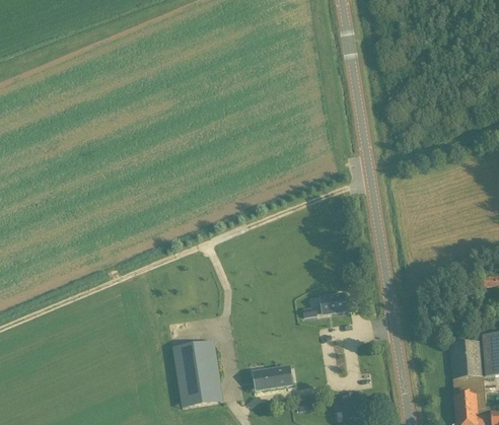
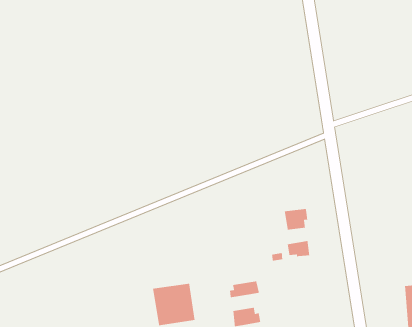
building: none -> [284,208,308,231]
building: none -> [229,280,260,298]

